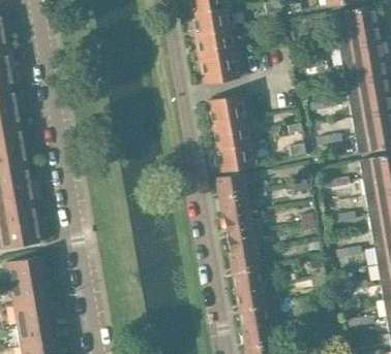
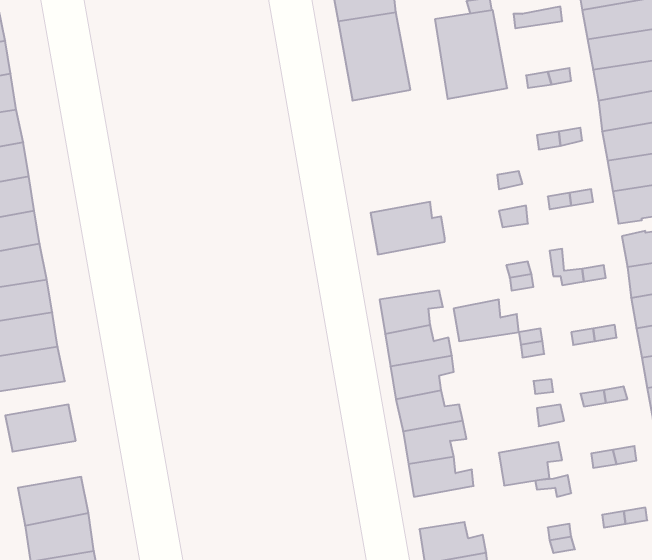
building: [209,97,250,148] -> [435,10,507,99]
building: [218,173,255,197] -> [454,300,519,341]
building: [11,278,51,304] -> none
building: [241,303,277,328] -> [499,442,562,485]

